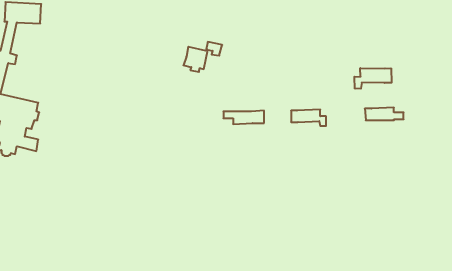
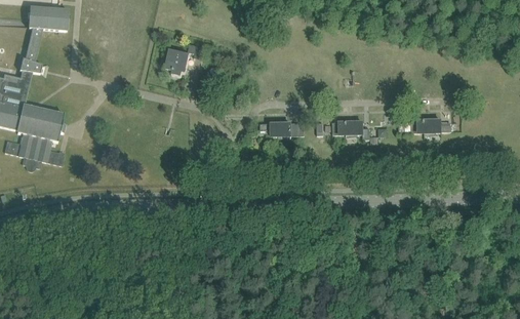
building: [183,42,222,72] -> [163,43,204,75]
building: [354,68,392,89] -> none

